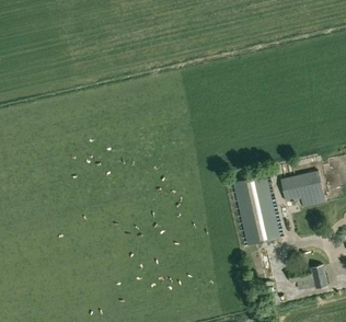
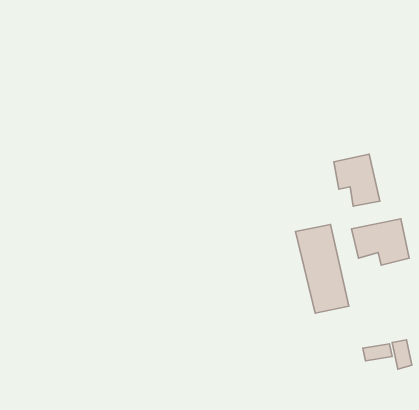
building: none -> [334,154,380,206]

